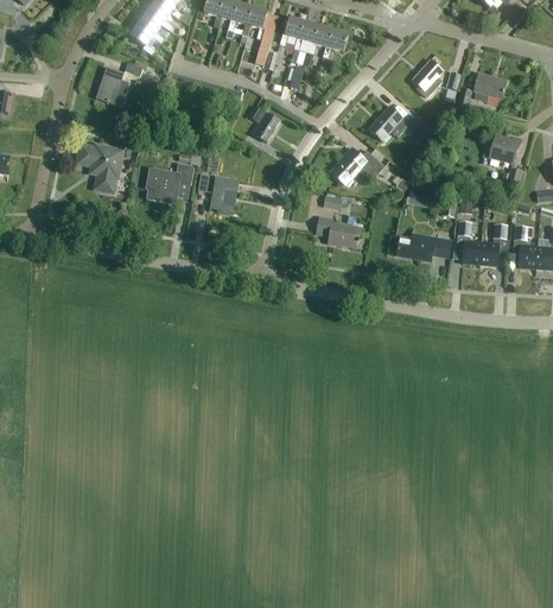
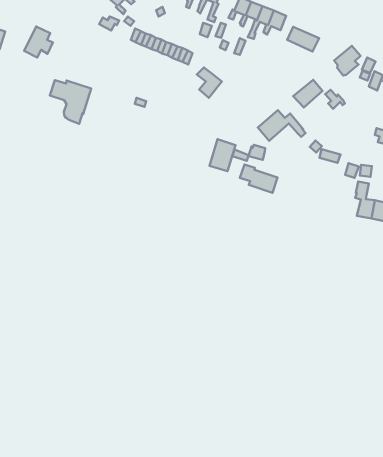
building: none -> [287,27,319,51]
building: [96,66,129,103] -> [24,27,53,57]
building: [146,163,193,204] -> none
building: [210,177,239,214] -> [209,139,236,171]
building: [396,233,451,261] -> none

